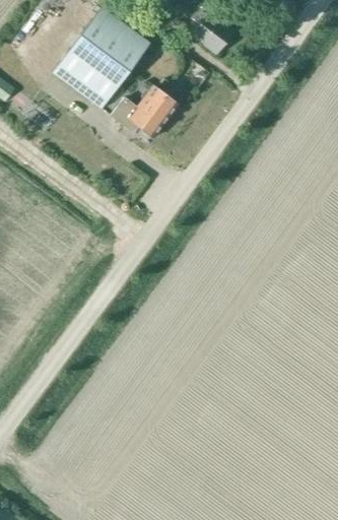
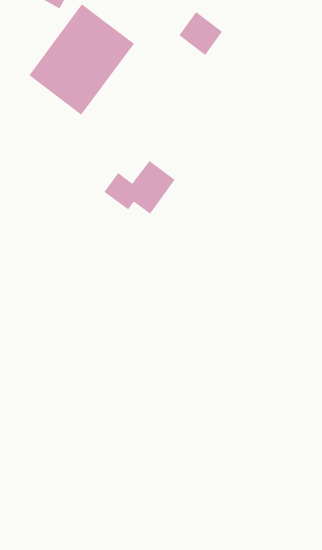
building: [112,85,179,136] -> [104,160,175,215]

